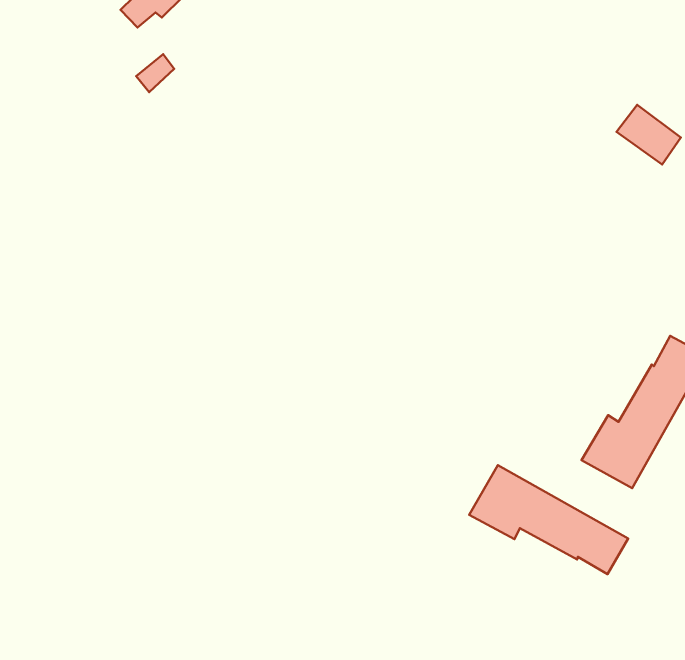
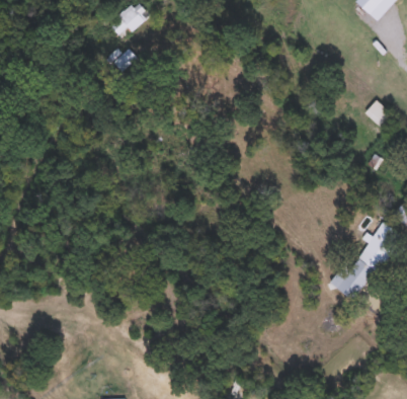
building: [469,465,628,574] -> none

